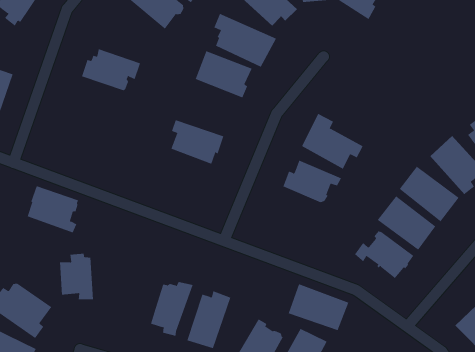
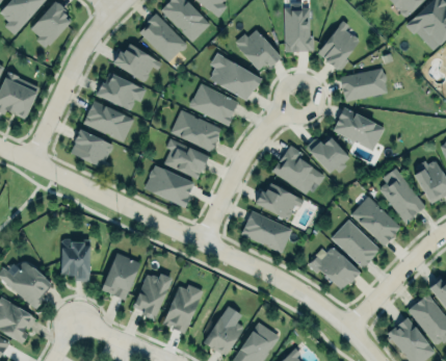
building: none -> [113,43,162,83]
building: none -> [340,69,388,103]
building: none -> [334,107,385,152]
building: none -> [169,108,222,153]
building: none -> [83,100,135,143]
building: none -> [306,137,349,173]
building: none -> [145,165,193,207]
building: [27,186,79,233] -> [70,128,114,171]
building: none -> [102,253,140,300]
building: [288,284,349,331] -> [240,210,292,253]

